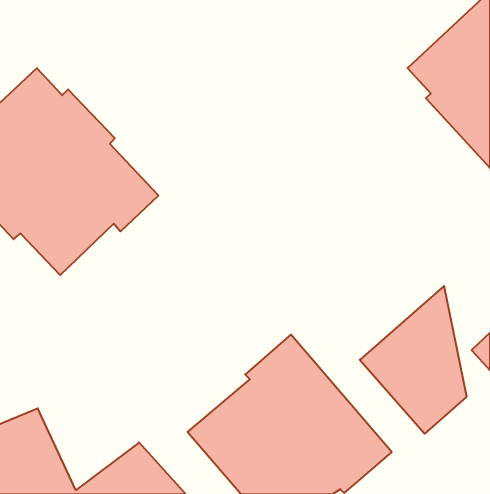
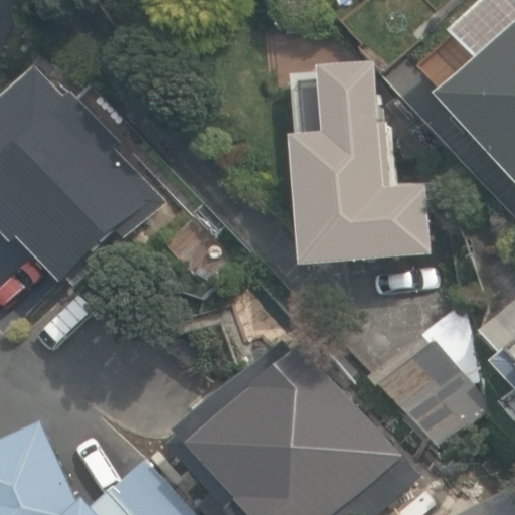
building: none -> [290,65,434,269]

